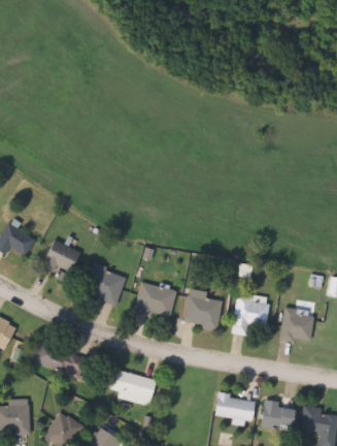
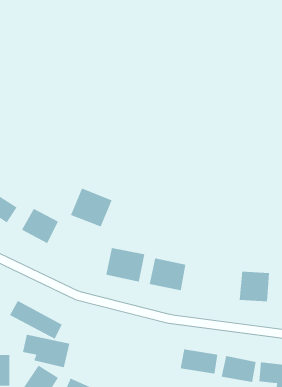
building: [81,262,128,306] -> [70,188,112,227]
building: [232,295,271,336] -> none
building: [105,369,158,406] -> [22,334,70,368]

